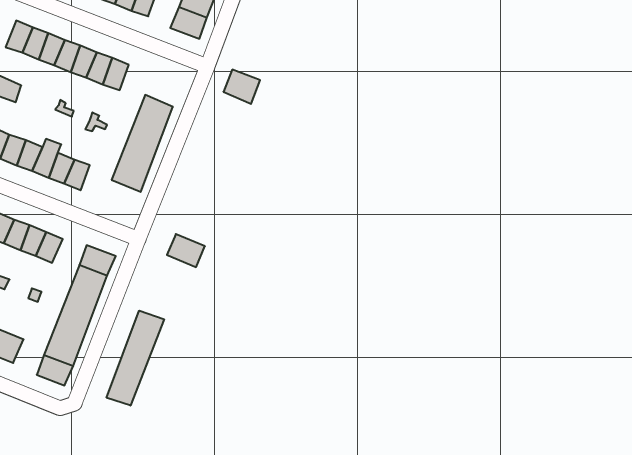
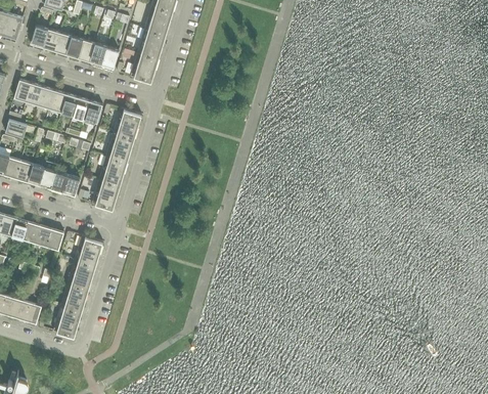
building: [223,70,260,104] -> [115,108,140,132]
building: [167,234,205,267] -> [90,187,117,210]
building: [107,311,164,406] -> none

